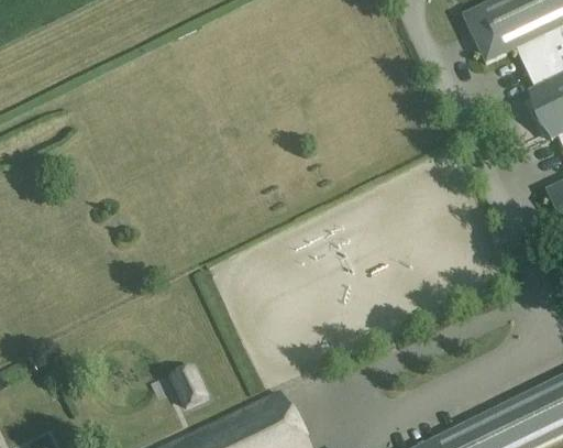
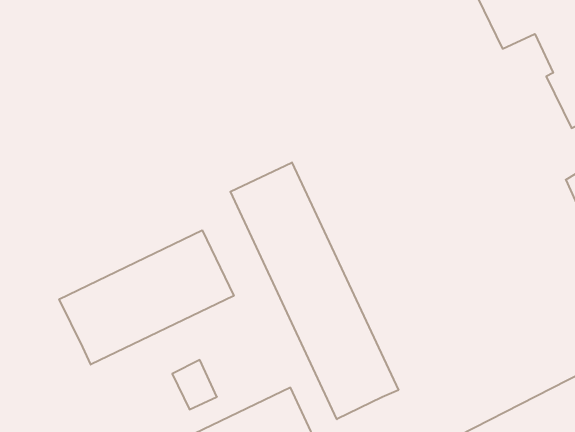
building: none -> [230,162,398,419]
building: none -> [59,230,234,365]

